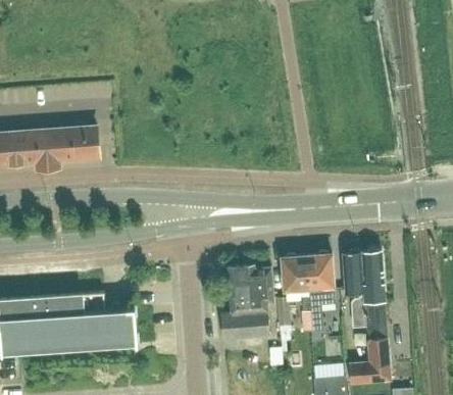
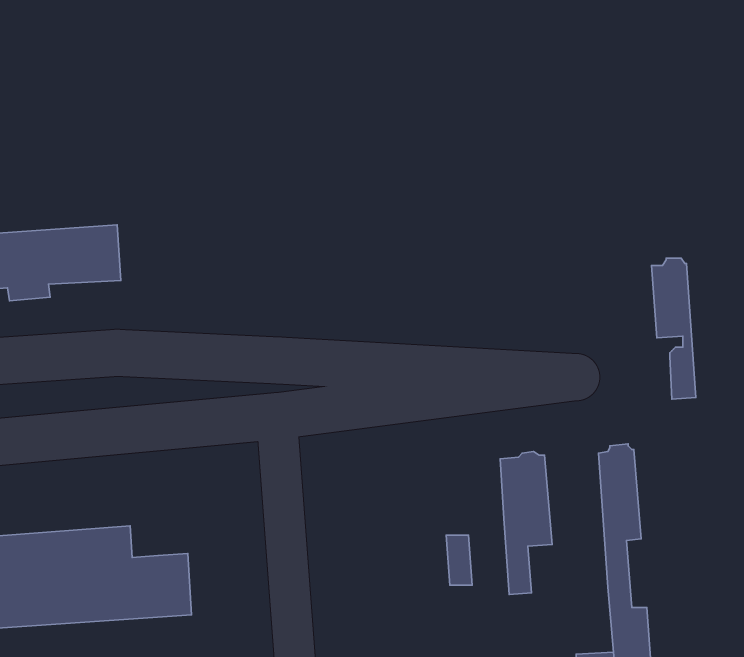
building: [341,250,365,328] -> [651,258,696,399]
building: [281,255,308,291] -> none
building: [220,266,272,340] -> none

